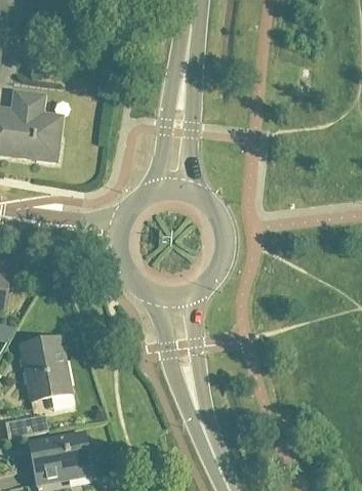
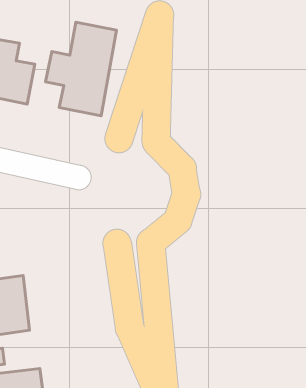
building: none -> [46,22,117,116]

